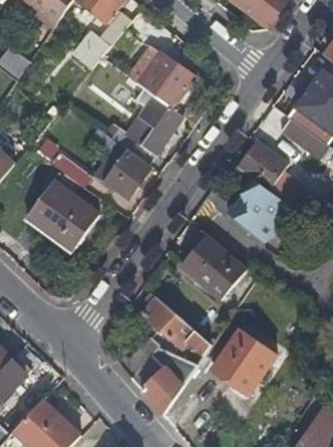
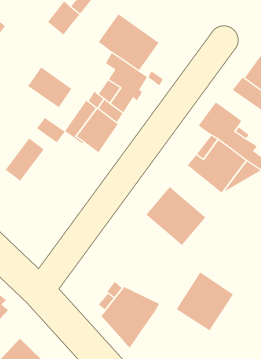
building: none -> [26,67,72,108]
building: [44,194,99,252] -> none
building: [141,291,211,355] -> none

